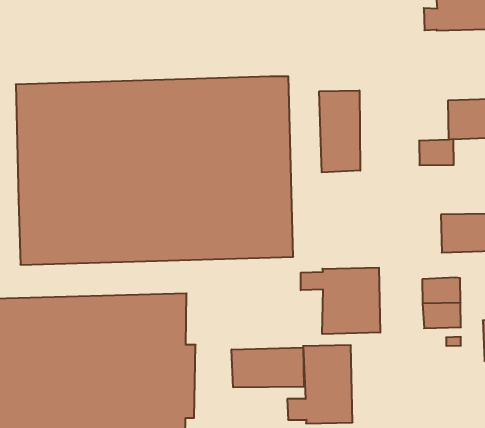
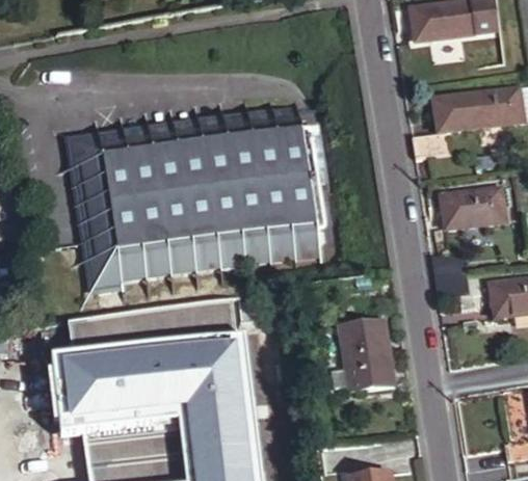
building: [319,90,360,172] -> none
building: [301,268,380,334] -> none
building: [232,347,304,387] -> none

